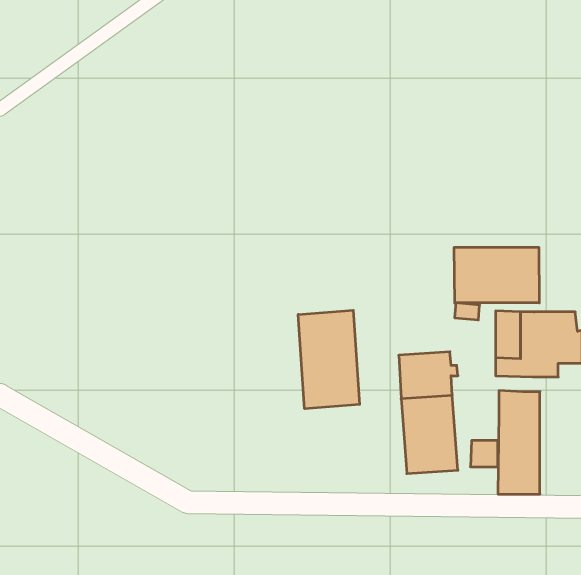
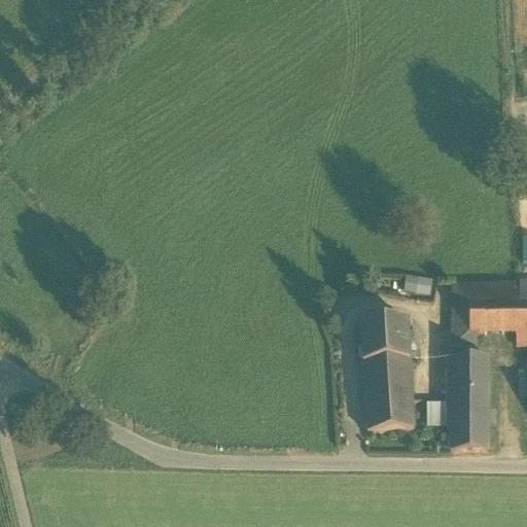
building: [454,247,539,303] -> none
building: [298,310,360,409] -> none

